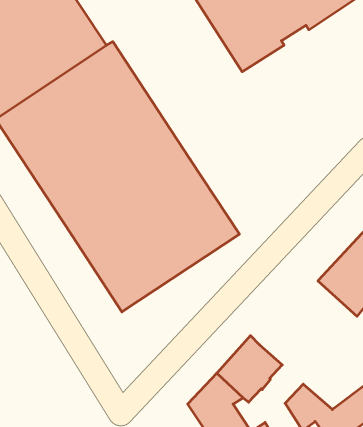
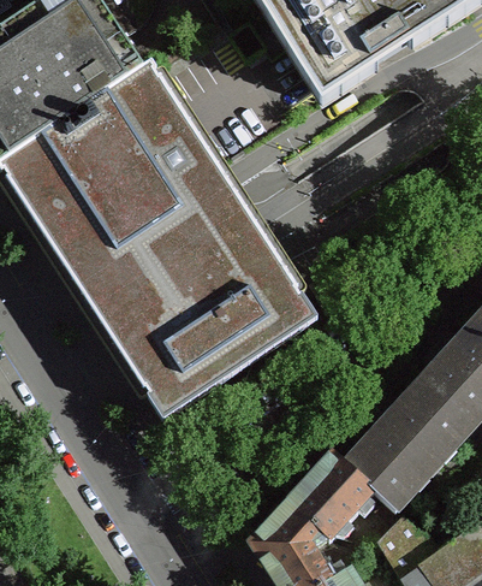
building: none -> [345,378,474,509]

